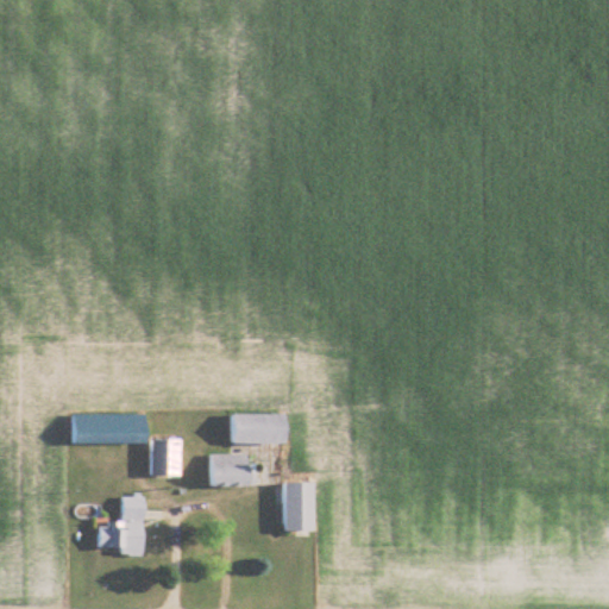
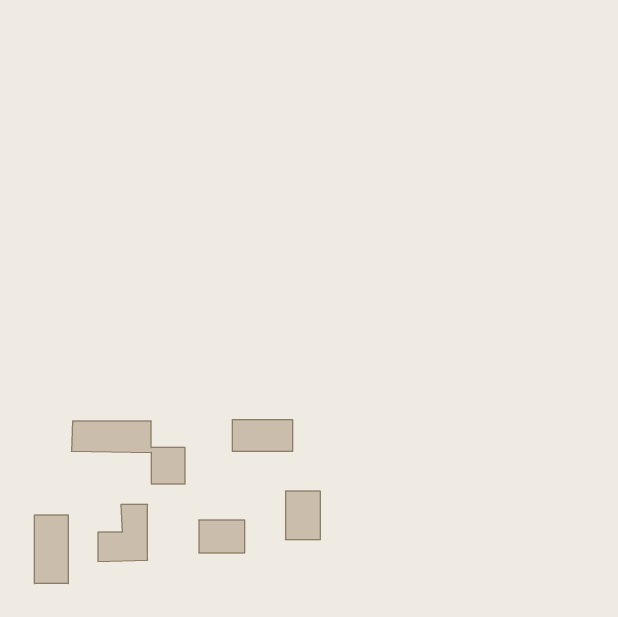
building: [208,454,253,486] -> [199,520,245,553]
building: none -> [35,515,68,584]

